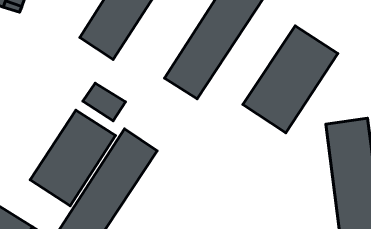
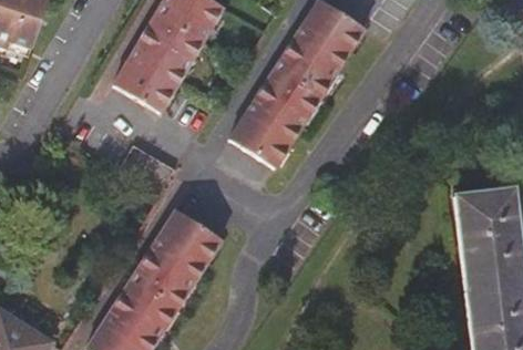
building: [243,26,338,133] -> none
building: [30,110,116,206] -> none

